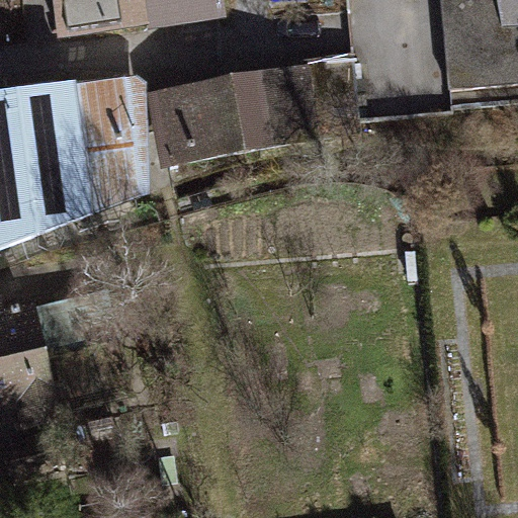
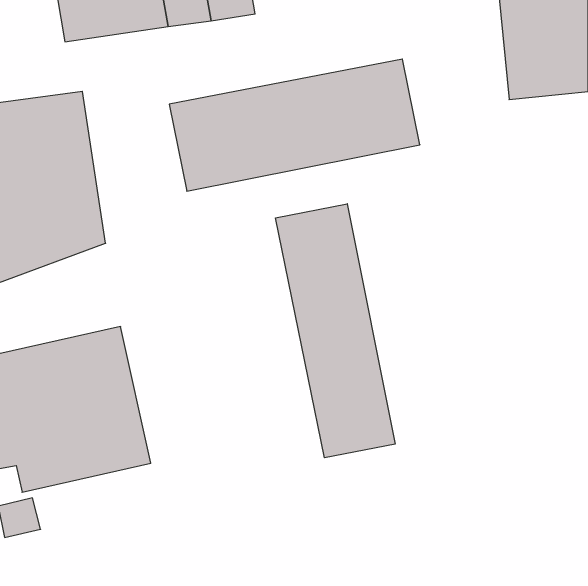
building: [72,73,148,212] -> none
building: none -> [276,204,395,458]

